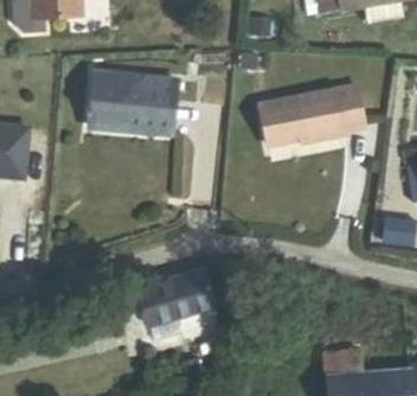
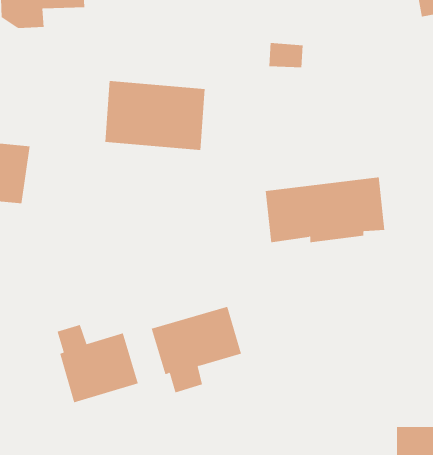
building: [256,88,358,143] -> [265,177,385,243]
building: none -> [57,324,138,403]

